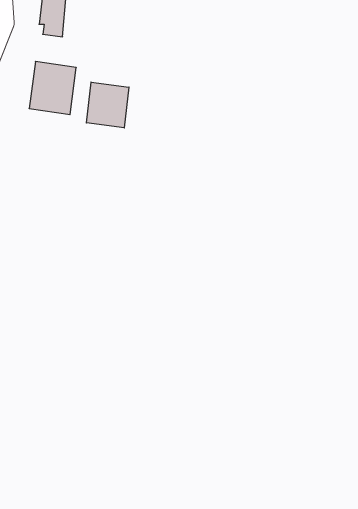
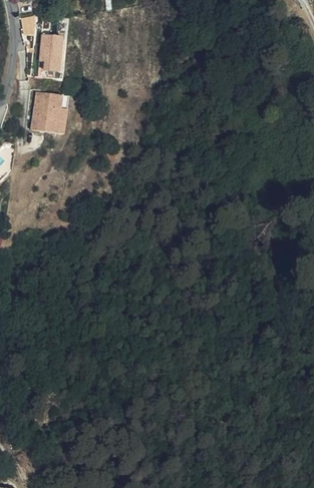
building: [86,82,129,128] -> none

